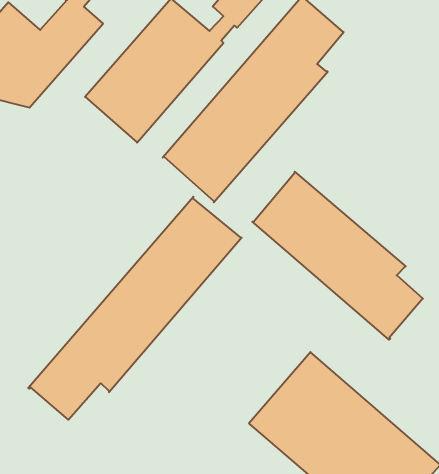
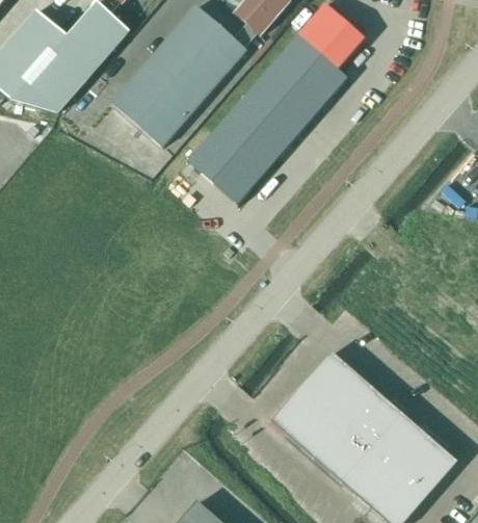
building: [252,172,423,340] -> none
building: [28,197,242,420] -> none

